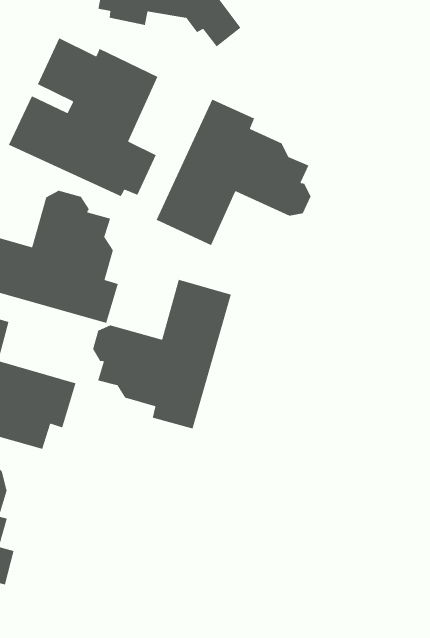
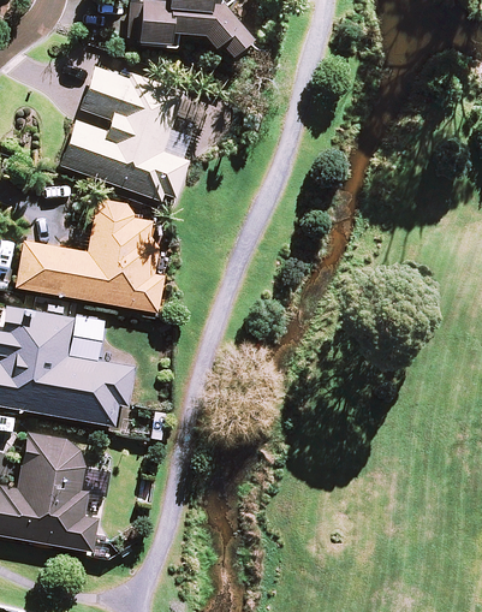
building: [156,99,311,246] -> none
building: [92,279,232,429] -> none

